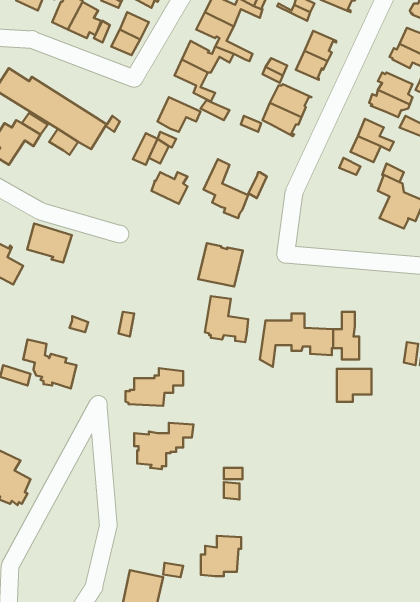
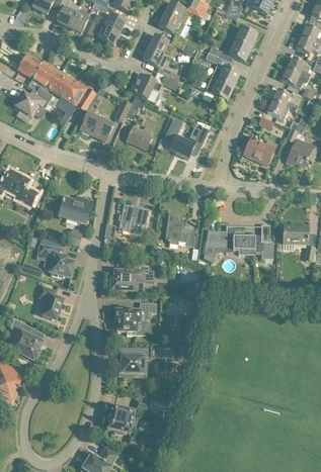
building: none -> [80,112,112,138]
building: none -> [243,137,275,165]
building: [27,224,72,262] -> [59,196,90,223]
building: [198,243,243,287] -> [117,204,149,234]
building: [337,369,371,402] -> [283,225,307,249]
building: none -> [37,285,63,320]
building: [201,536,241,576] -> [117,348,146,376]

